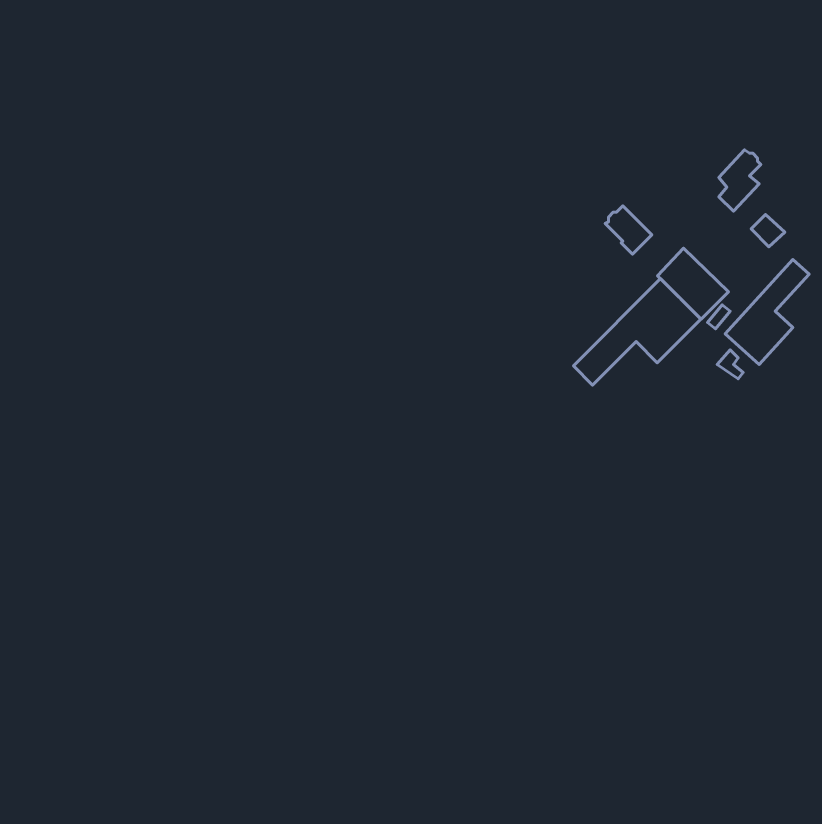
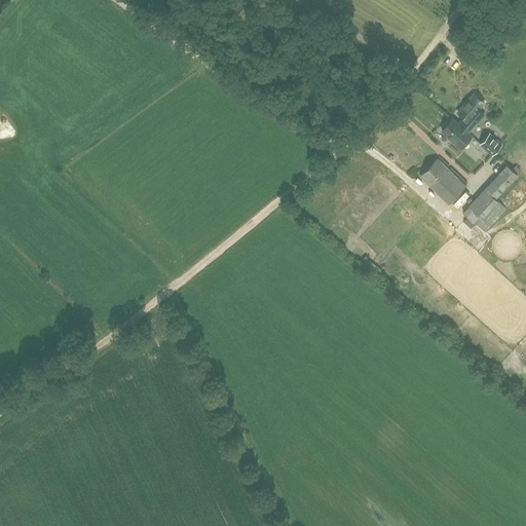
building: [605,206,652,254] -> [441,119,471,150]
building: [573,279,701,385] -> none

